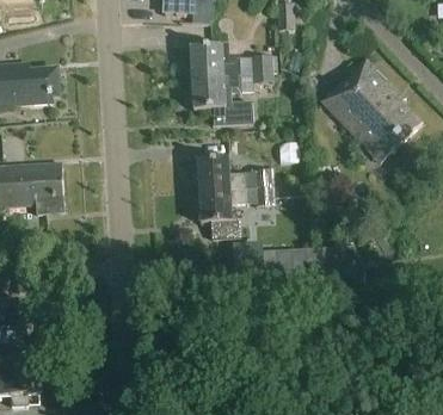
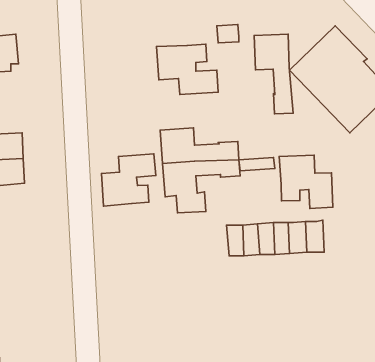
building: [190,43,240,78] -> none
building: none -> [254,34,293,114]
building: none -> [101,154,156,206]
building: none -> [279,155,333,208]

